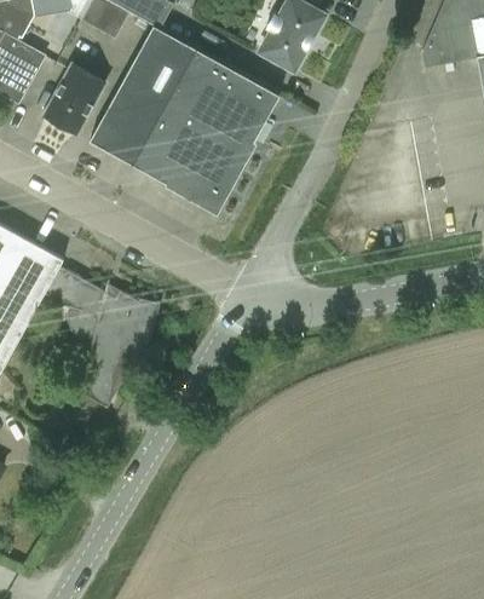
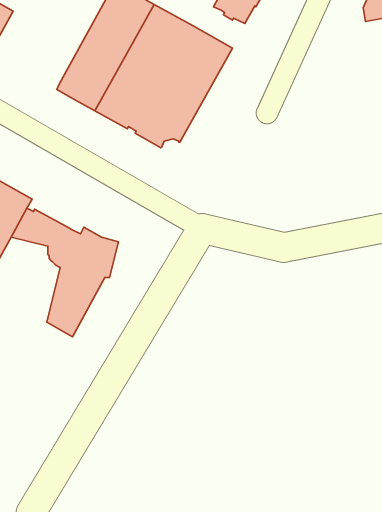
building: [44,64,105,132] -> none

